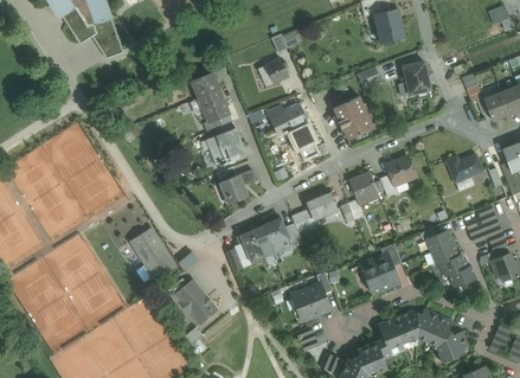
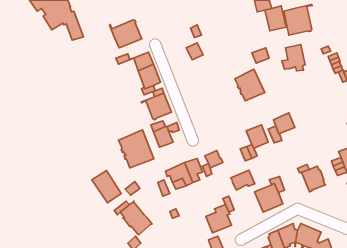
building: none -> [284,5,312,35]
building: none -> [109,20,142,48]
building: [267,105,317,159] -> none
building: [447,154,482,182] -> none
building: none -> [119,130,154,168]
building: [306,192,339,219] -> [231,170,255,190]
building: [439,254,476,288] -> none

